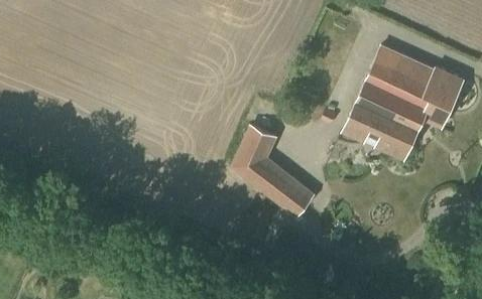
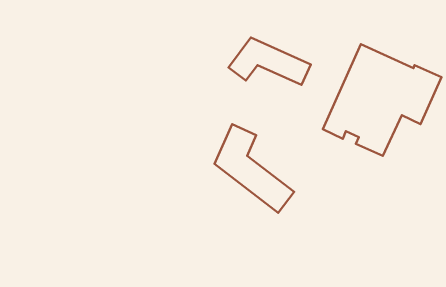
building: none -> [229,38,311,85]

